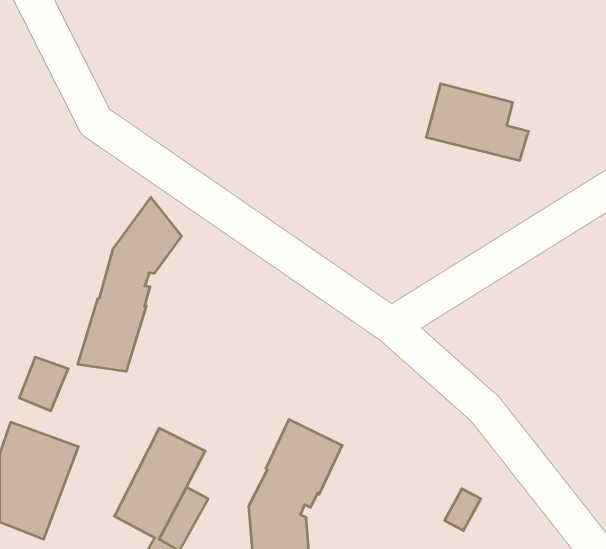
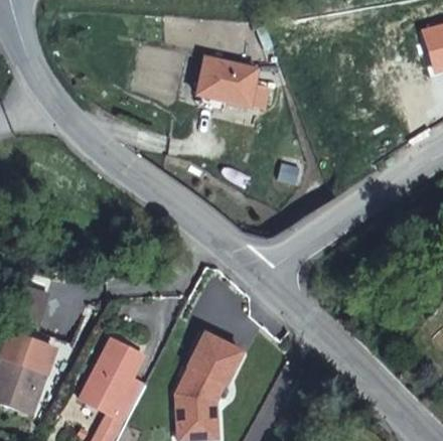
building: [426,84,529,160] -> [194,56,266,110]
building: [78,197,181,371] -> none

